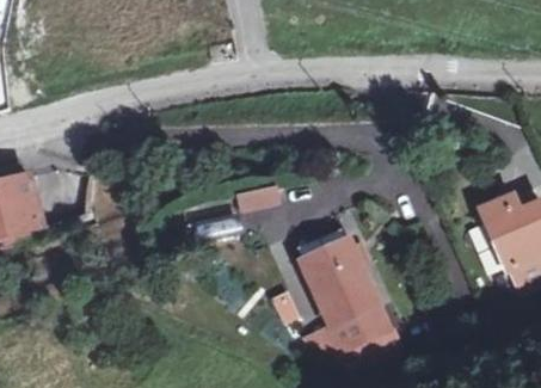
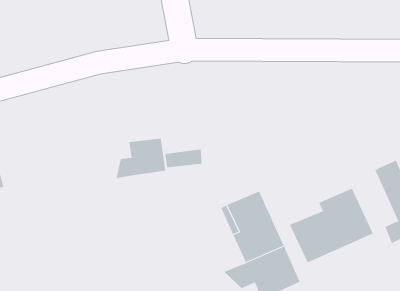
building: none -> [116,138,166,179]
building: none -> [289,188,374,263]

